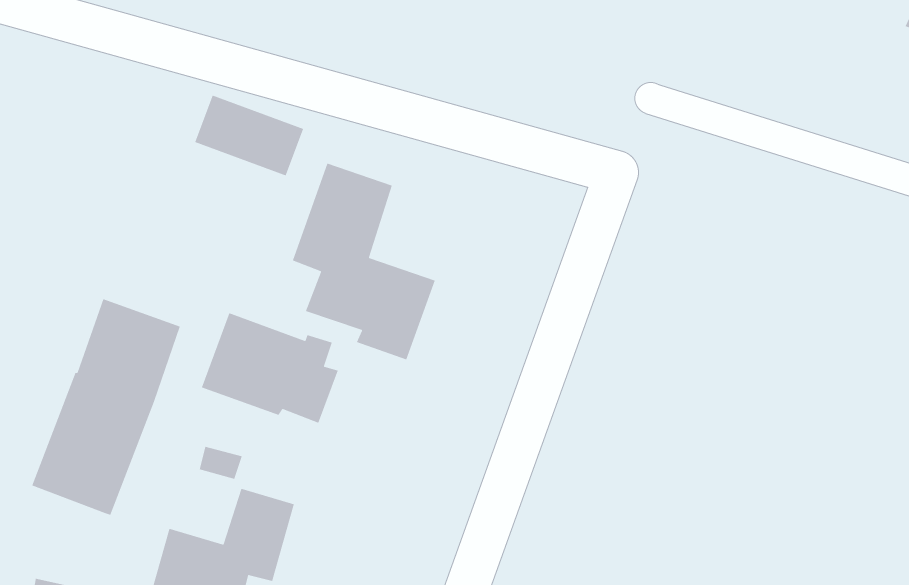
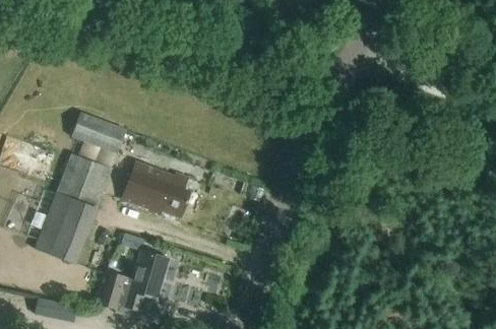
building: [194,95,304,176] -> [71,111,127,152]
building: [292,163,436,360] -> none

